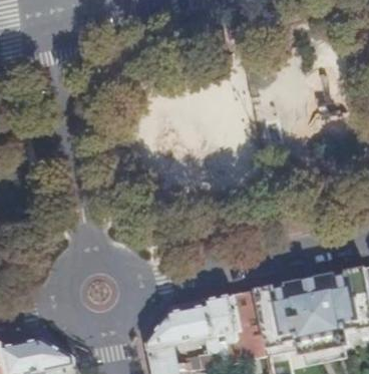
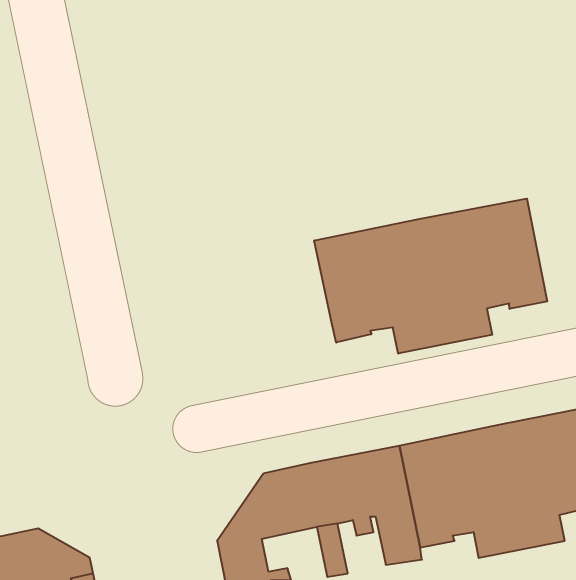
building: none -> [314,199,547,354]

